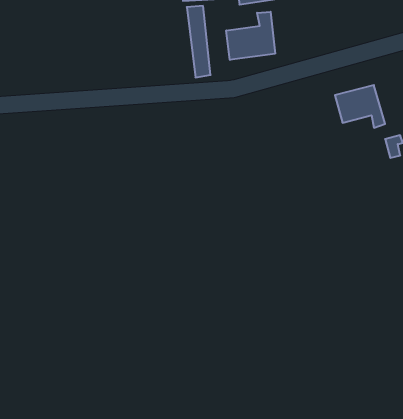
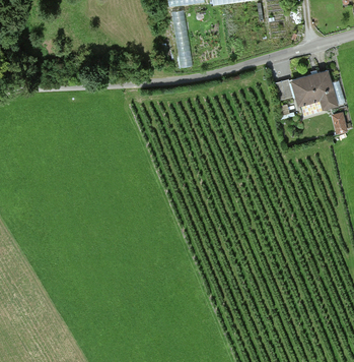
building: [226,12,275,60] -> none

